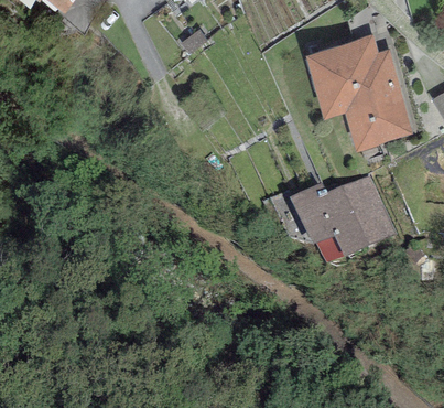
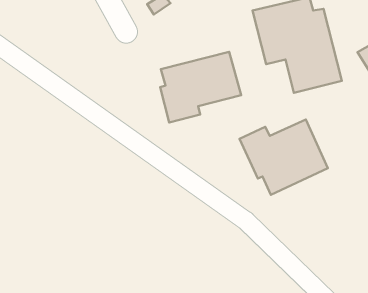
building: none -> [160,52,241,122]

